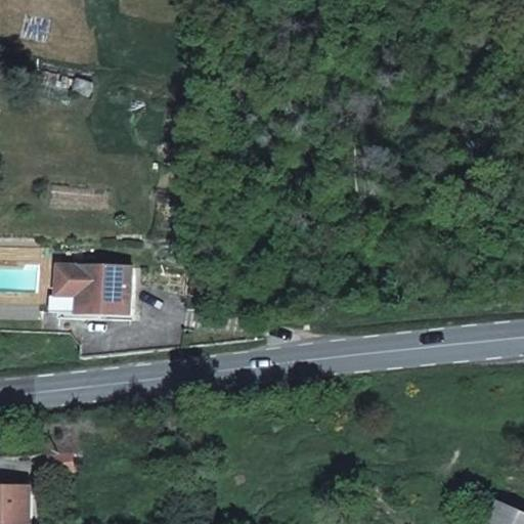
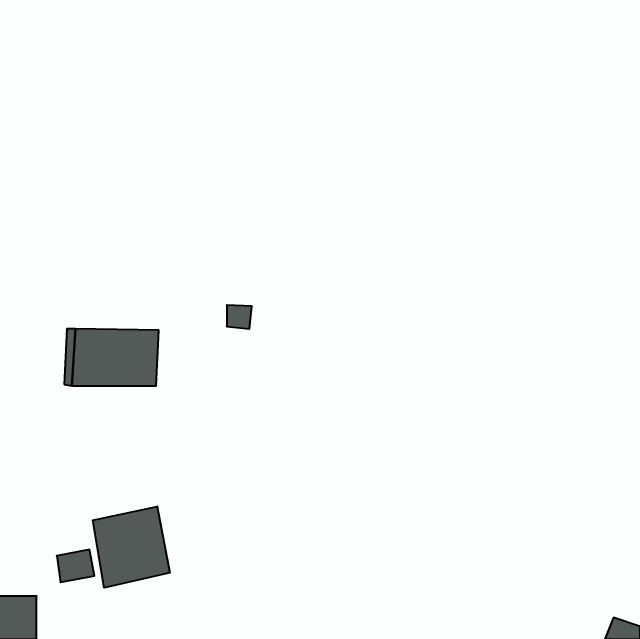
building: none -> [93,506,170,588]

